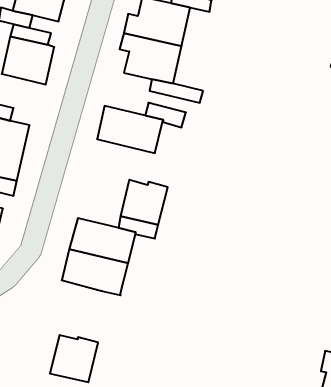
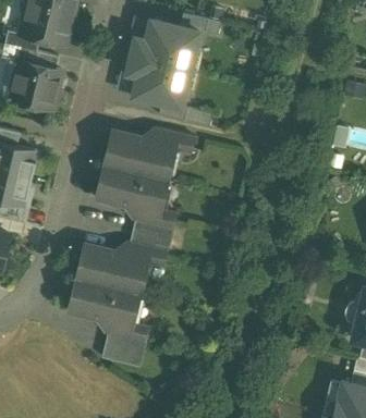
building: none -> [98,164,164,211]
building: [50,335,98,382] -> [101,319,150,367]

